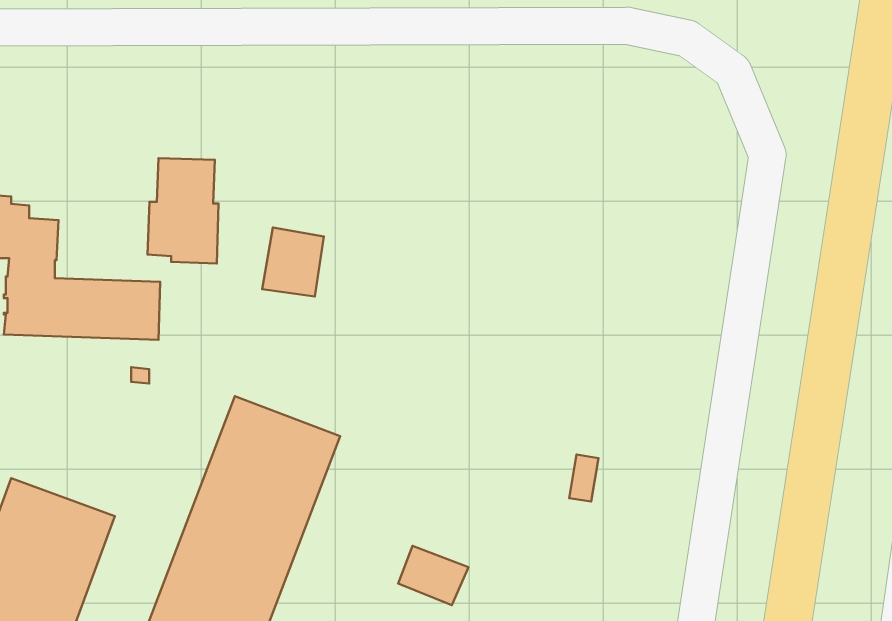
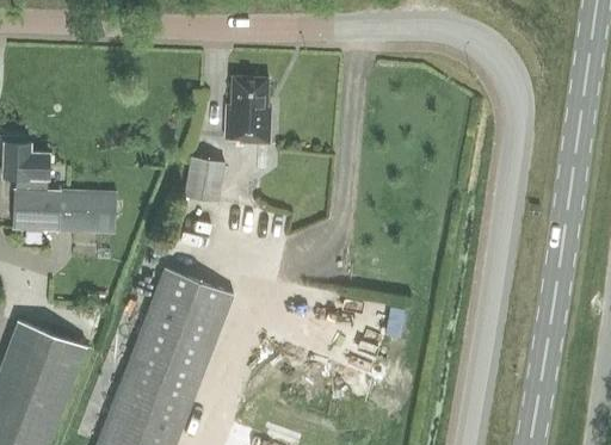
building: [148,158,219,264] -> [224,76,271,146]
building: [398,546,469,605] -> none

